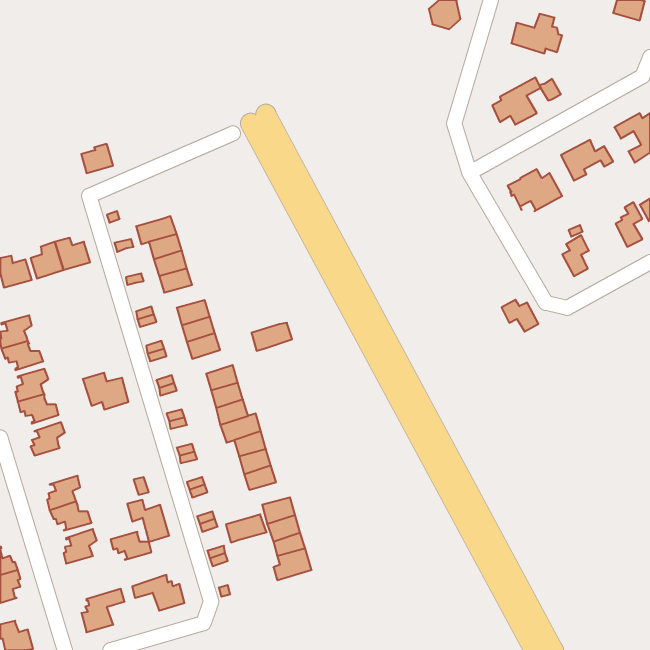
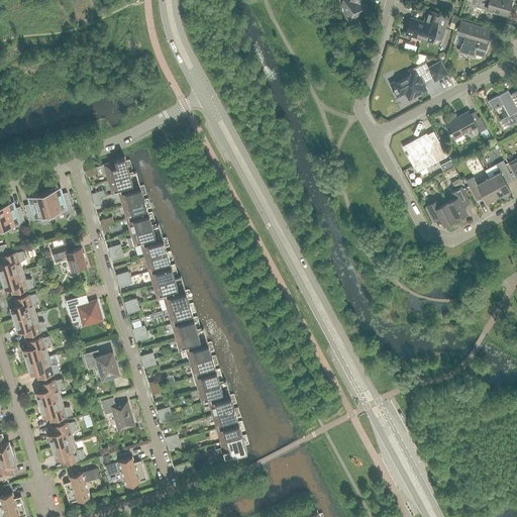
building: none -> [458,20,488,57]
building: [81,144,113,173] -> [104,157,129,180]
building: none -> [466,177,498,202]
building: none -> [130,224,163,246]
building: [502,300,538,332] -> [426,200,455,225]
building: none -> [51,244,87,271]
building: [251,323,292,351] -> [152,277,185,299]
building: none -> [84,349,119,379]
building: none -> [27,355,60,379]
building: [226,514,267,542] -> [198,381,230,403]
building: [111,532,151,560] -> [53,441,85,463]

